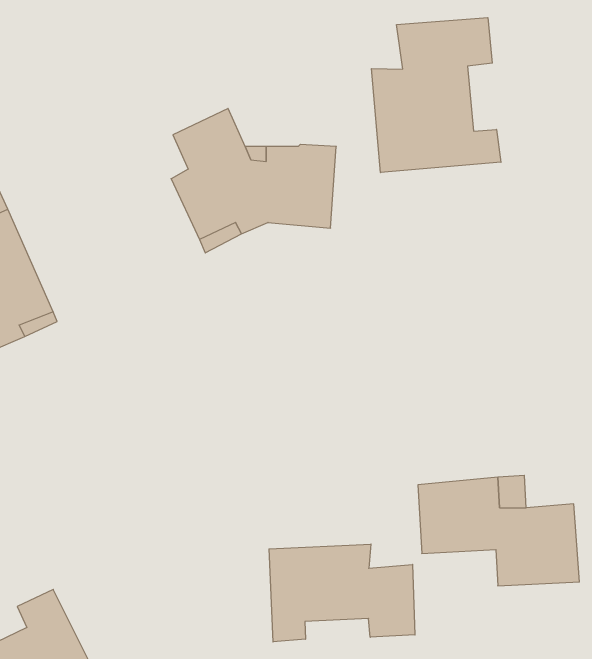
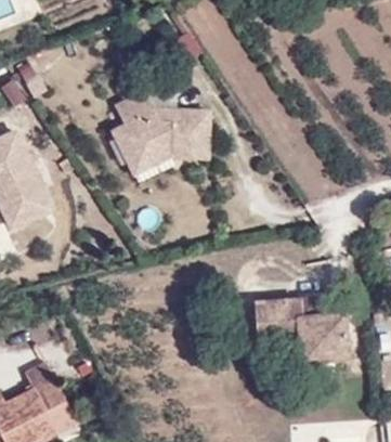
building: [372,18,501,173] -> none
building: [269,544,415,642] -> none

